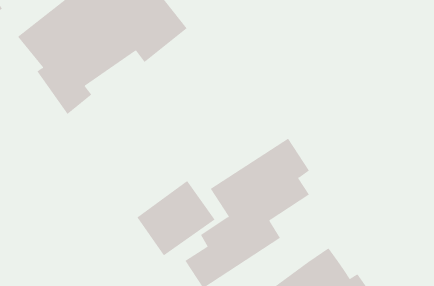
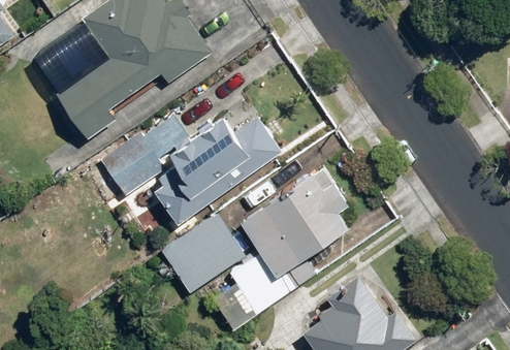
building: none -> [100,116,282,226]

